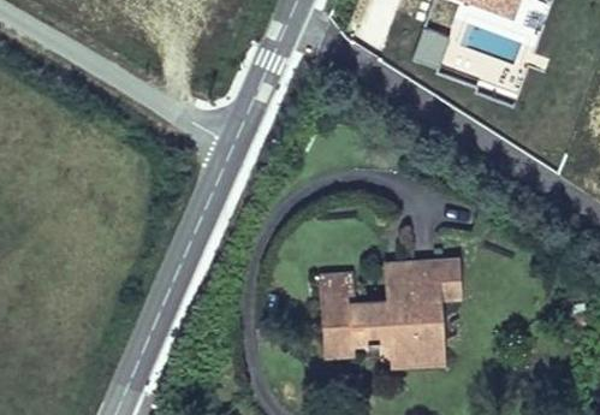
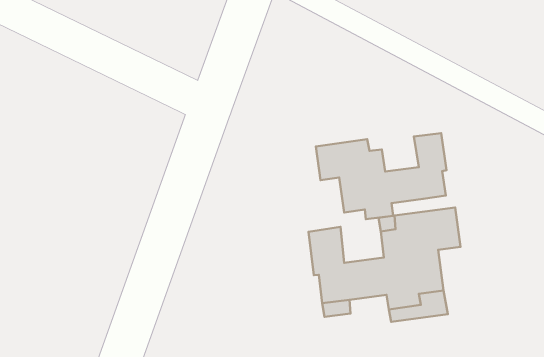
building: none -> [316,133,446,219]

